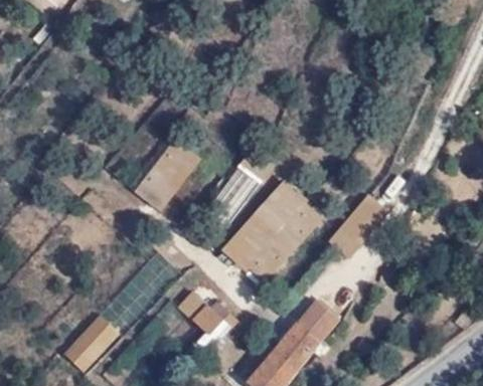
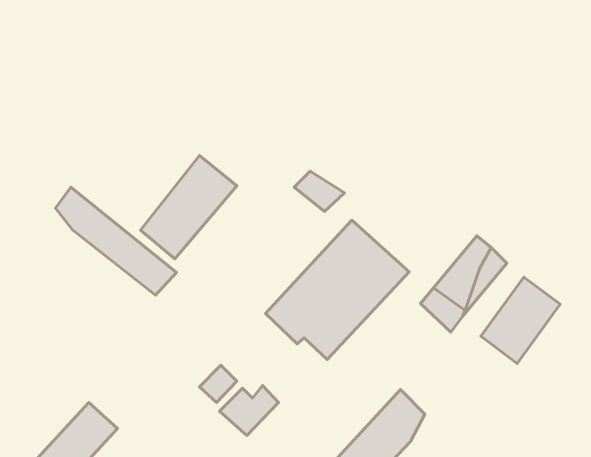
building: none -> [55,187,176,295]
building: none -> [481,277,560,363]

